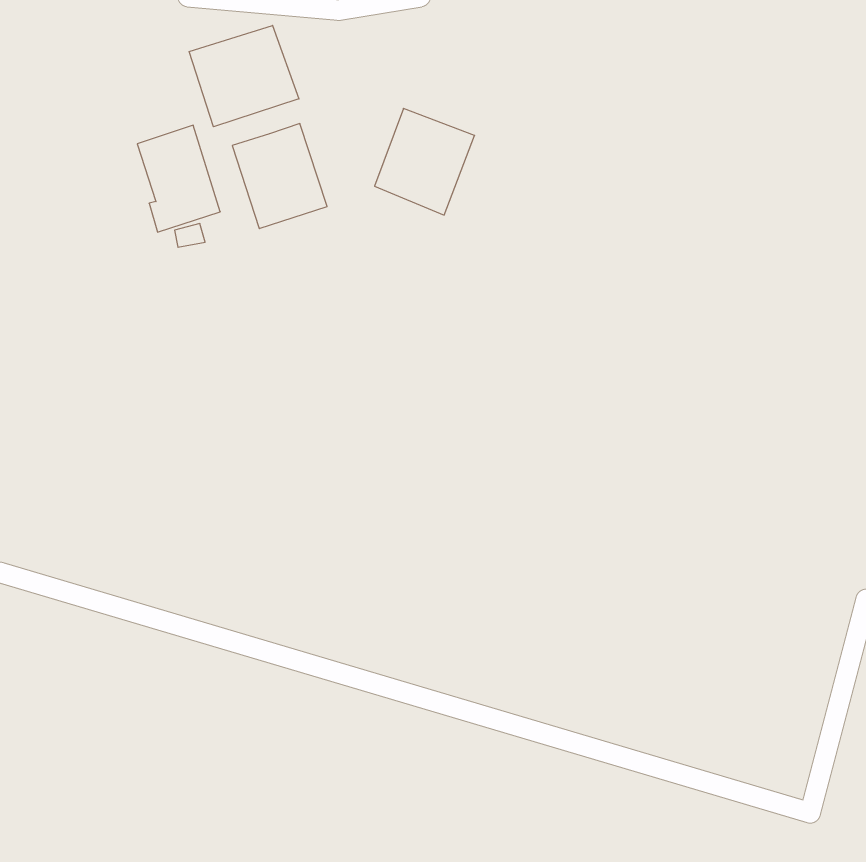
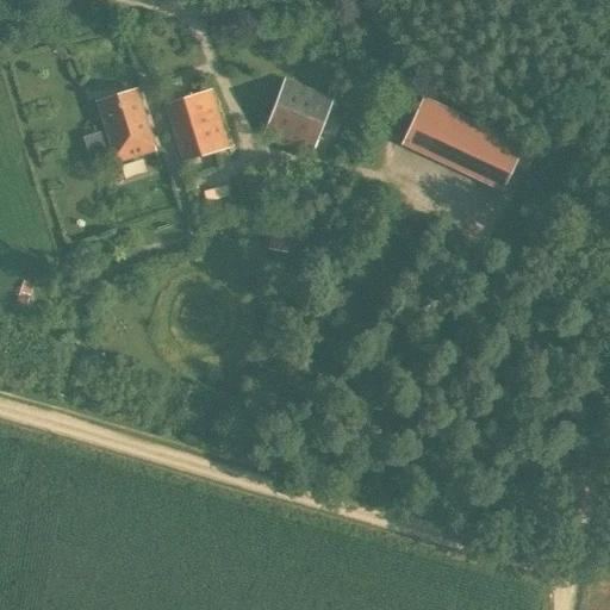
building: [189,25,299,127] -> none
building: none -> [403,99,534,188]

